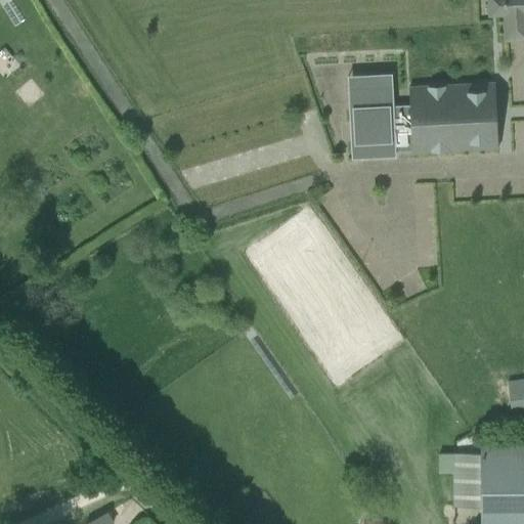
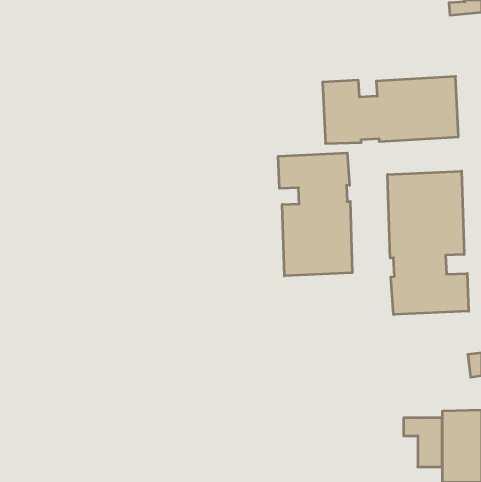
building: none -> [278,153,352,276]
building: none -> [388,171,469,315]

